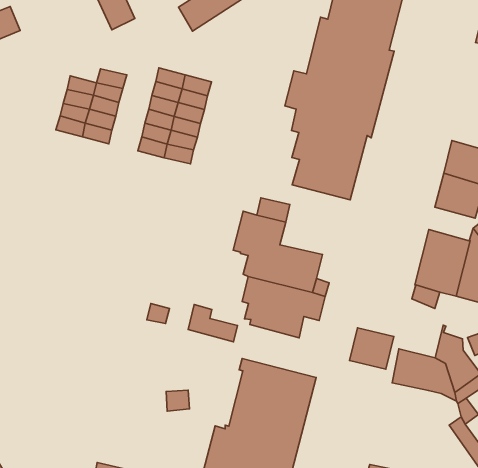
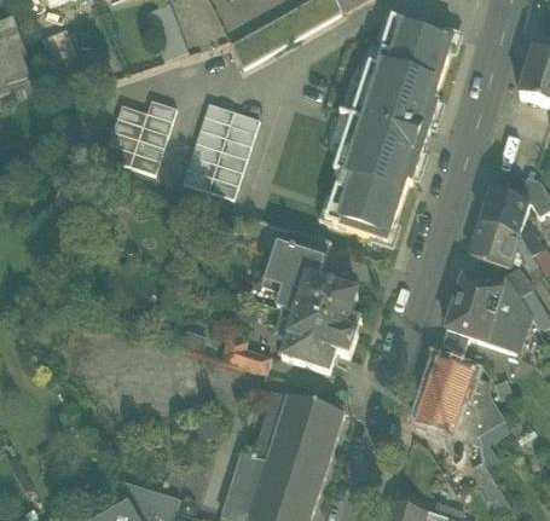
building: [349,328,394,369] -> [425,358,470,400]

